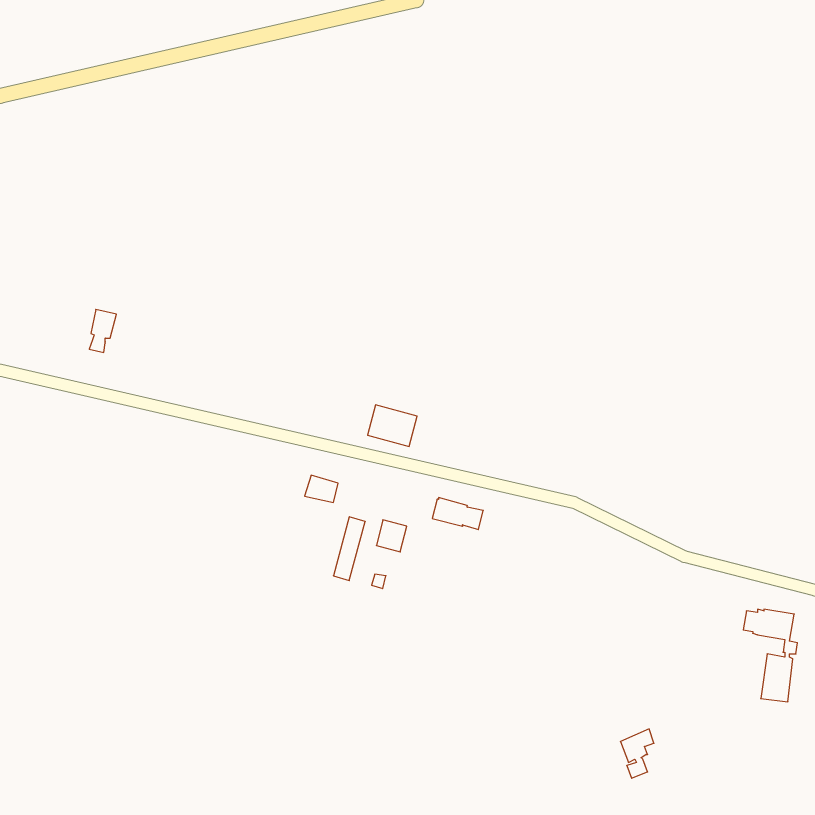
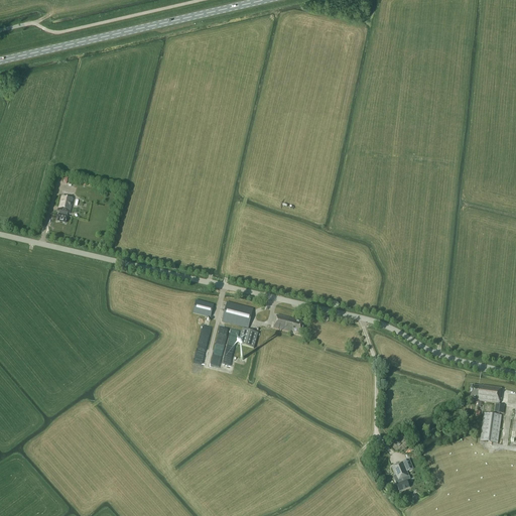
building: [368,405,417,446] -> [222,302,253,329]

